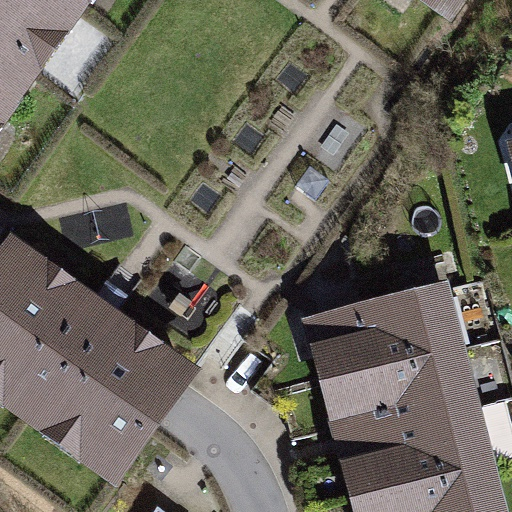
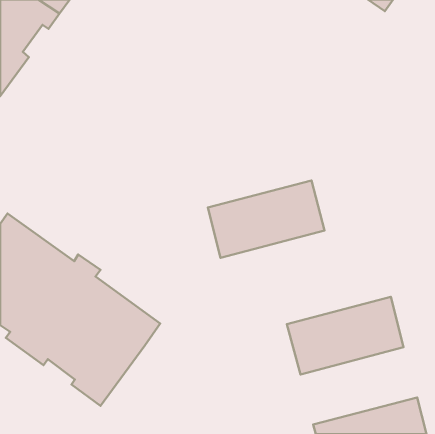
building: [322,290,459,381] -> [208,180,324,258]
building: [353,408,490,499] -> none

